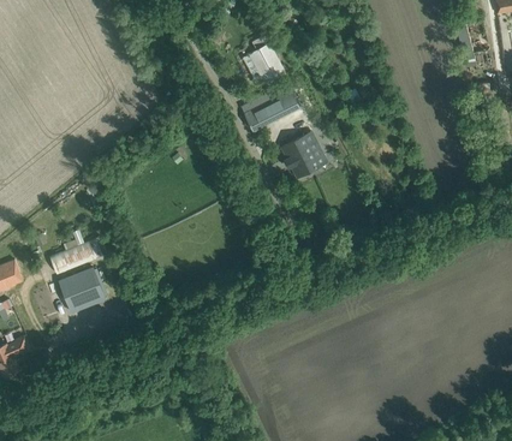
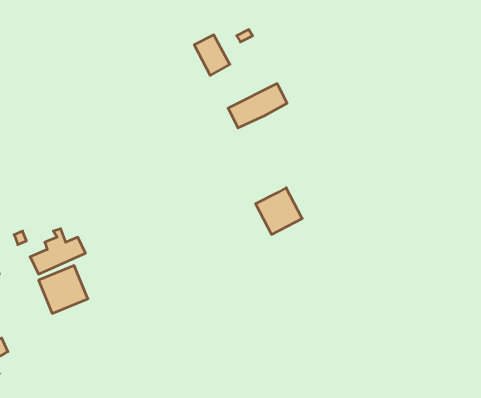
building: [250,43,285,83] -> [194,35,230,75]
building: [281,131,327,177] -> [256,188,302,234]

